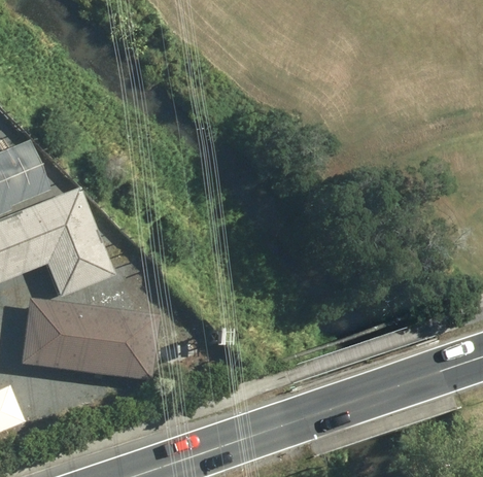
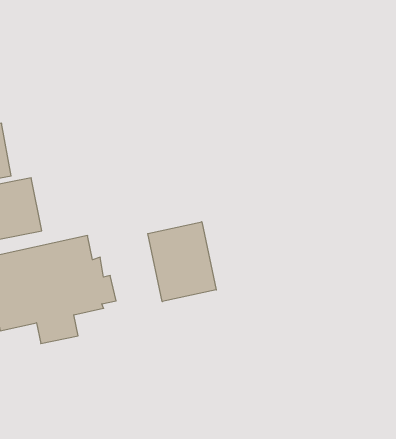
building: none -> [148,222,216,302]

